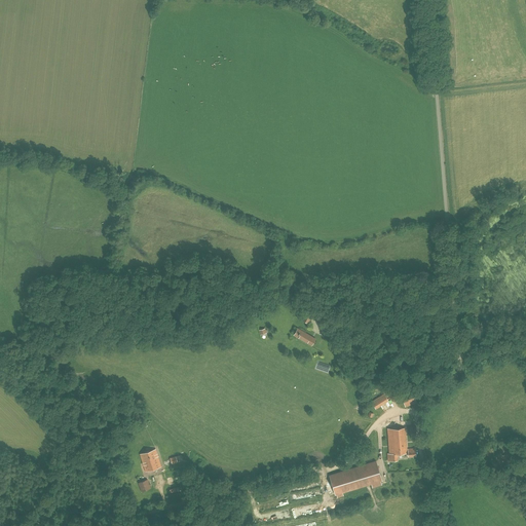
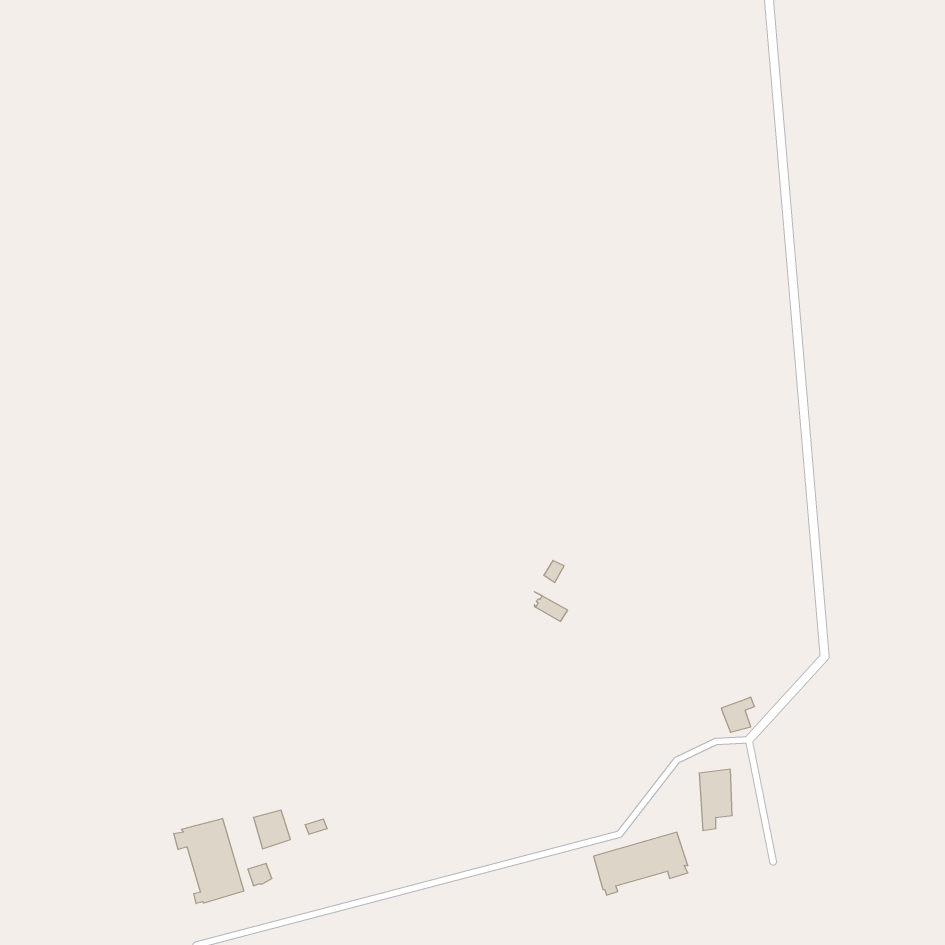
building: none -> [174,818,244,904]

